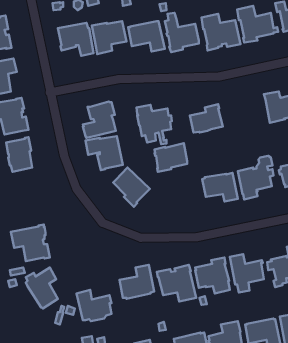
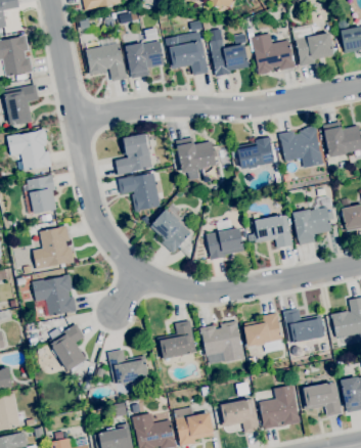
building: none -> [278,126,323,168]
building: [154,143,187,172] -> [206,227,243,260]
building: none -> [33,225,74,270]

